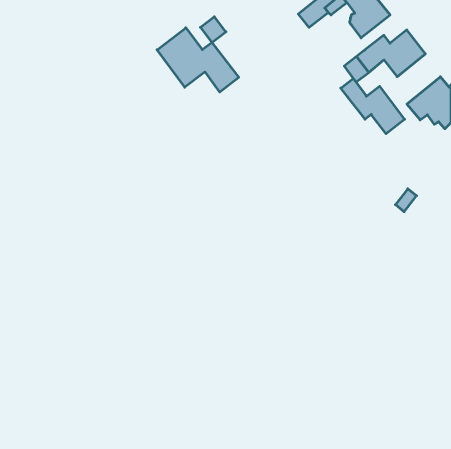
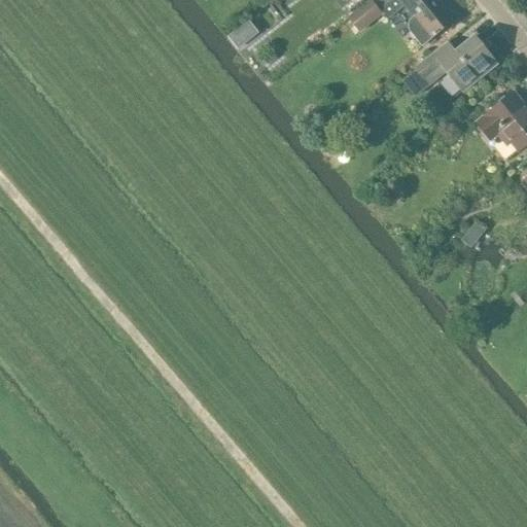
building: [157,28,239,92] -> none
building: [341,79,405,134] -> none

